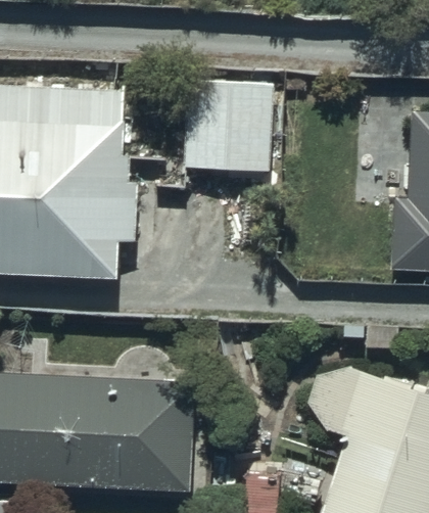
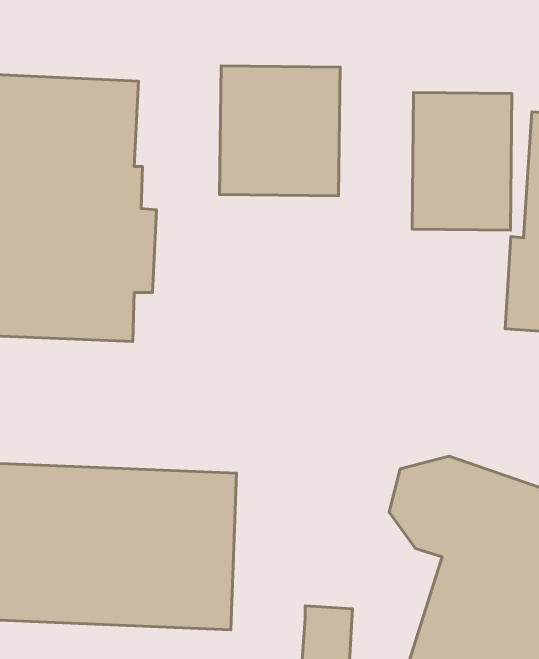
building: none -> [412,93,512,230]

